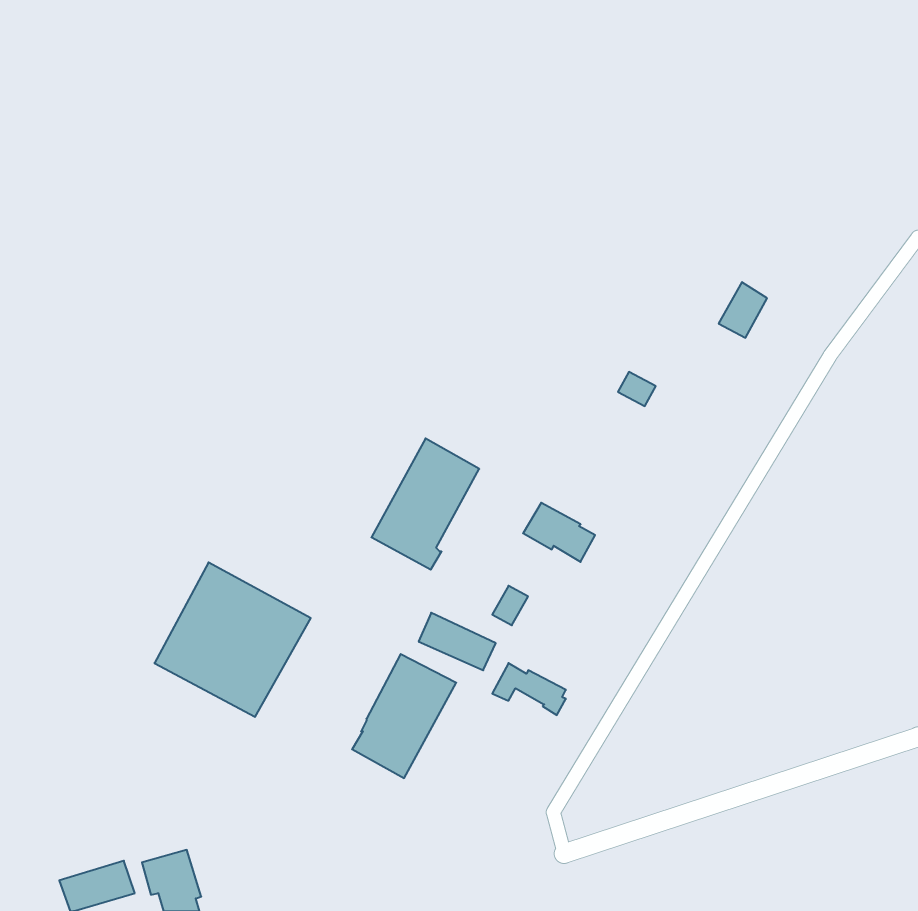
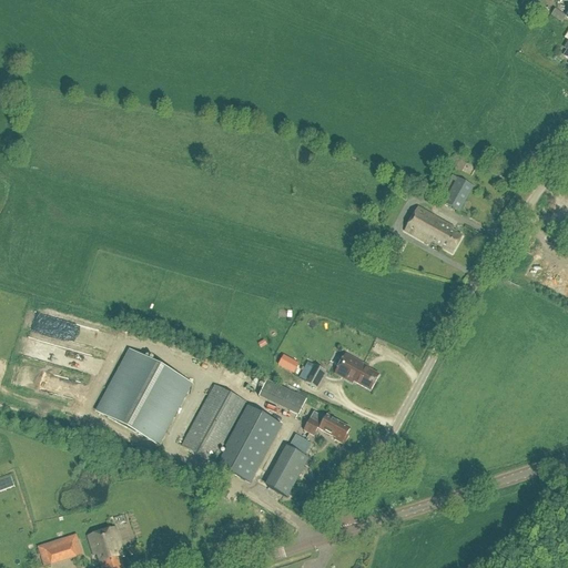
building: none -> [405,204,463,251]
building: [371,438,479,570] -> [181,382,247,463]
building: [523,503,595,562] -> [335,352,379,388]
building: none -> [266,445,308,495]

